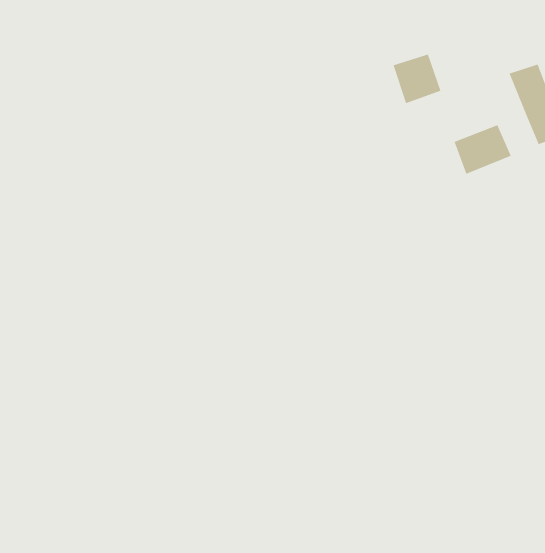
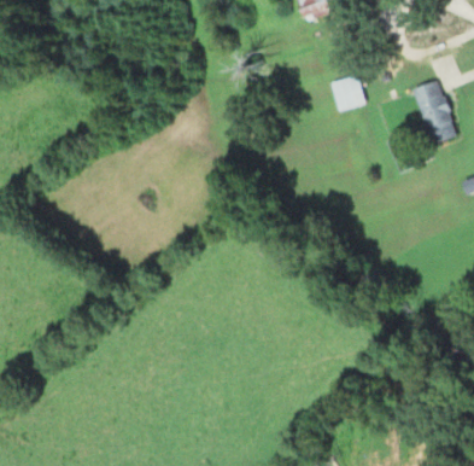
building: [454,124,512,175] -> none

